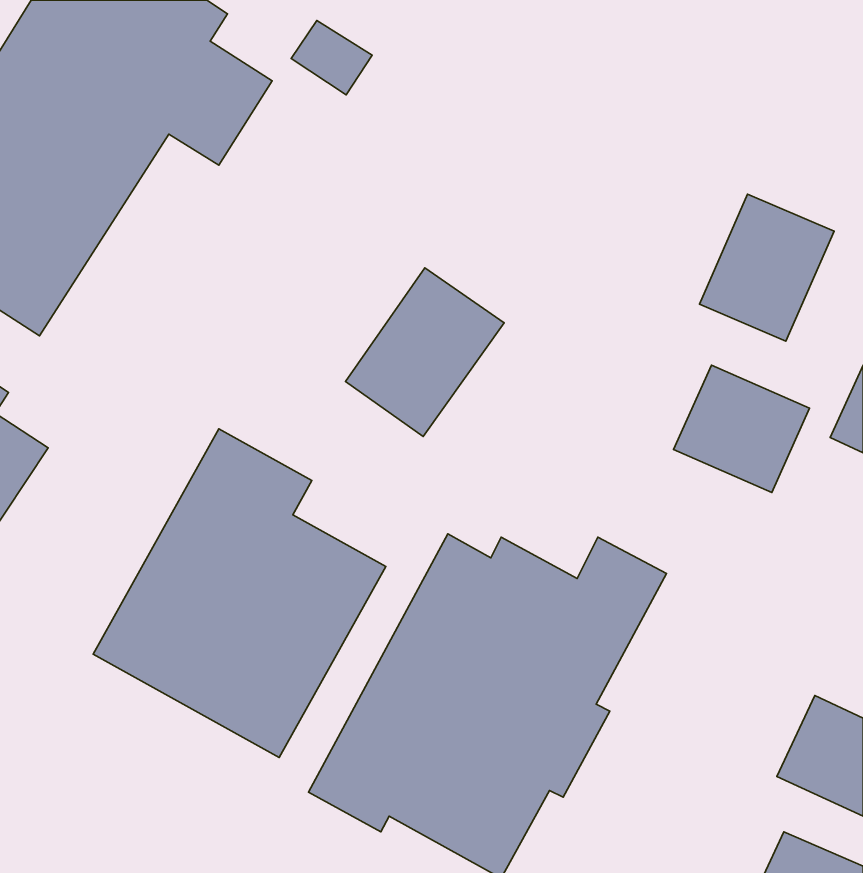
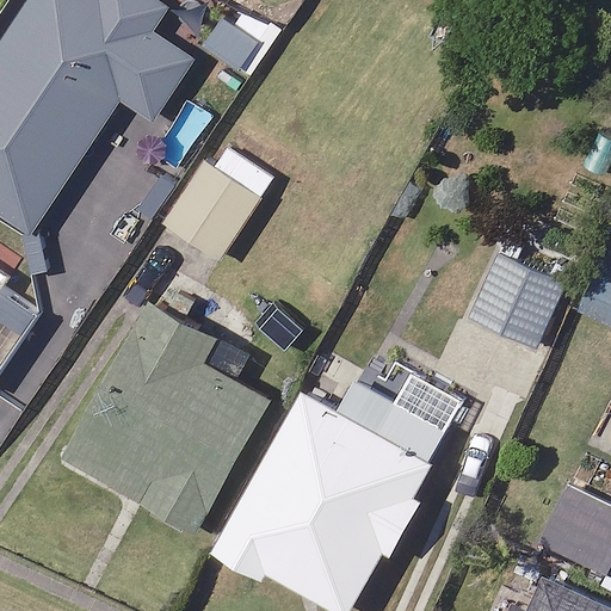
building: [699,194,834,341] -> none
building: [346,268,504,436] -> [162,142,272,259]

